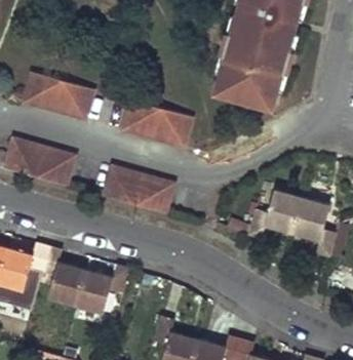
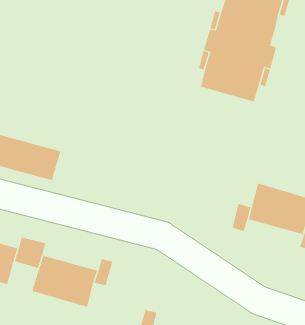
building: [23,73,95,120] -> none
building: [121,99,194,148] -> none
building: [103,166,175,214] -> none

